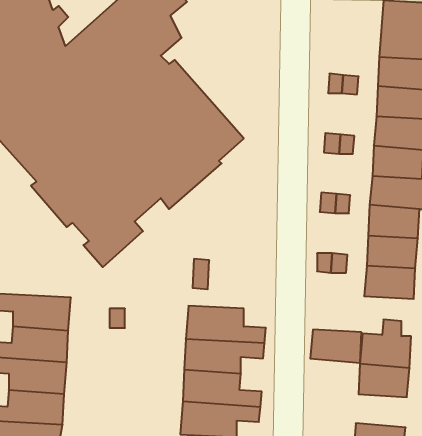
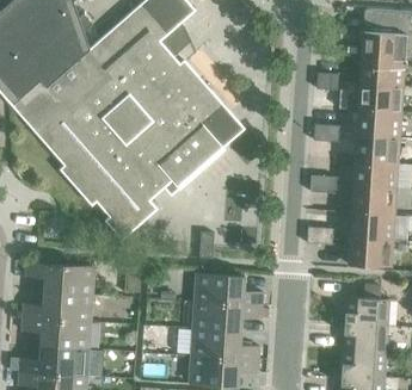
building: [310,330,361,363] -> [340,349,385,378]

